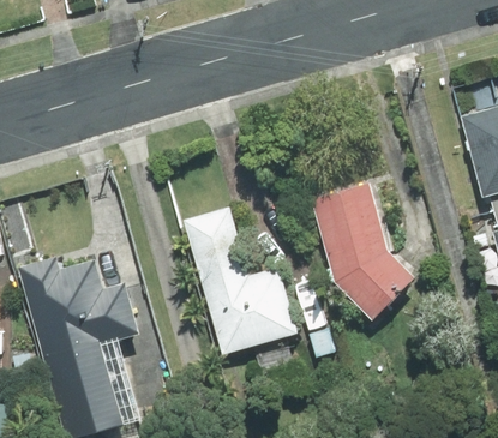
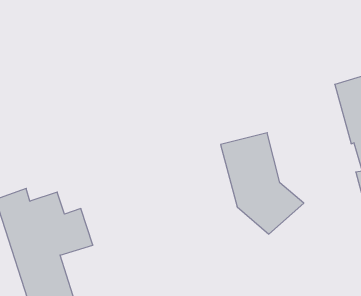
building: [182,208,320,355] -> none

